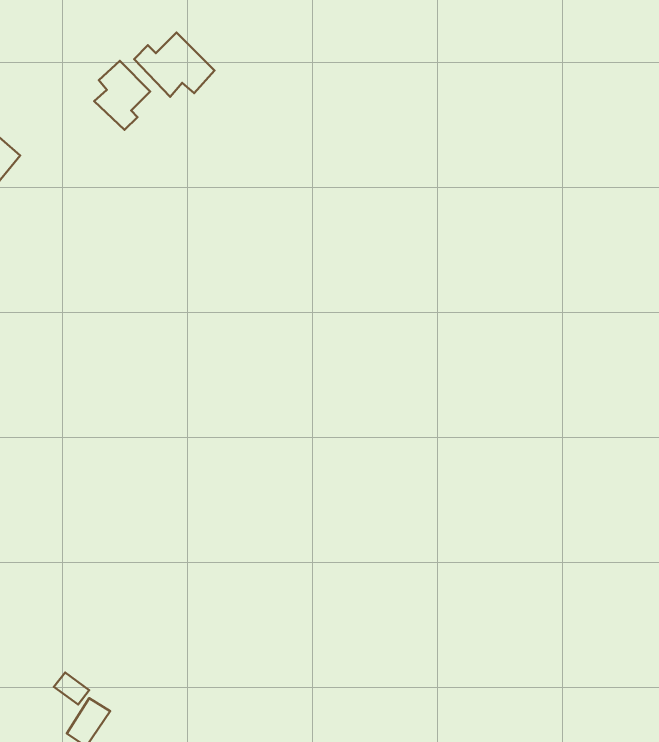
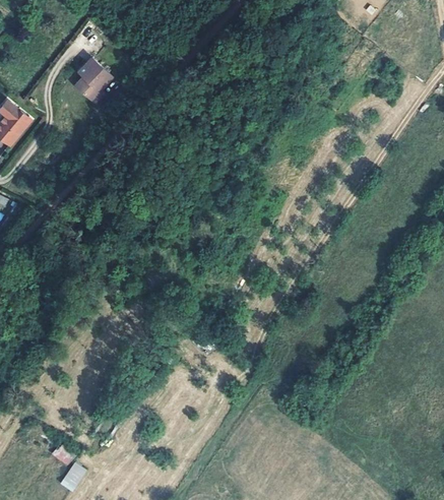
building: [134,33,215,97] -> none

